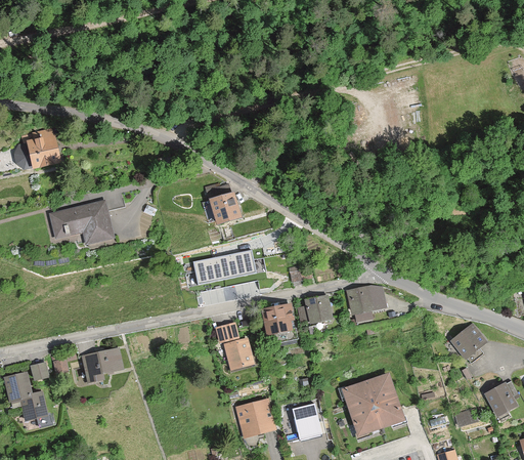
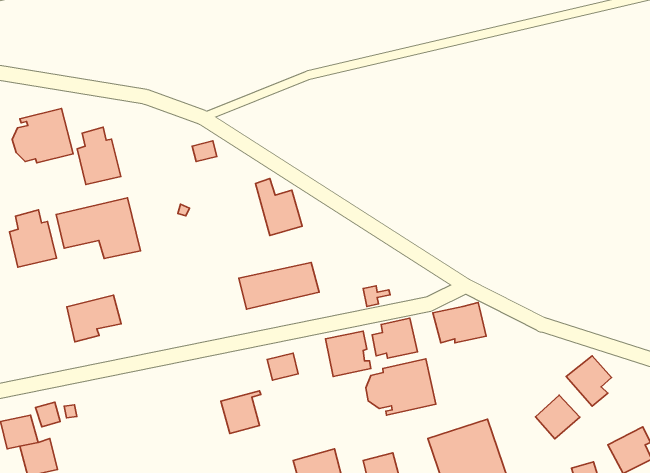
building: none -> [77,127,121,185]
building: none -> [9,210,56,267]
building: none -> [366,359,436,415]
building: [222,338,254,372] -> [221,391,261,433]
building: [82,346,125,383] -> [67,295,121,342]
building: none -> [535,395,580,439]

